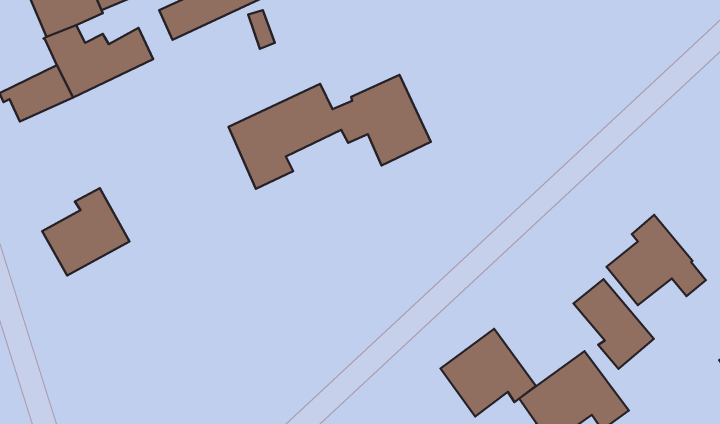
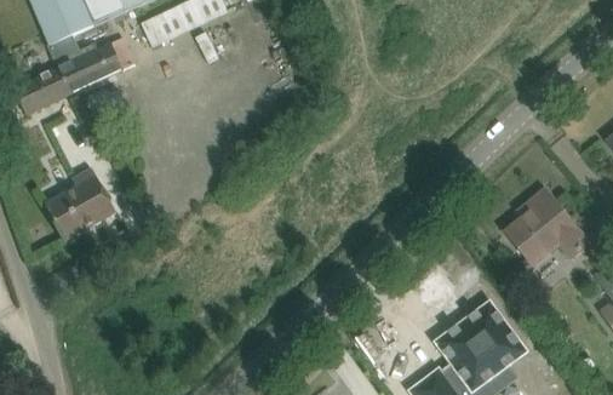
building: [228,75,431,189] -> none
building: [573,279,654,369] -> none
building: [441,329,536,417] -> none

